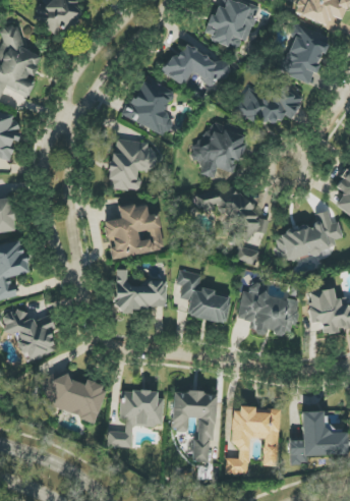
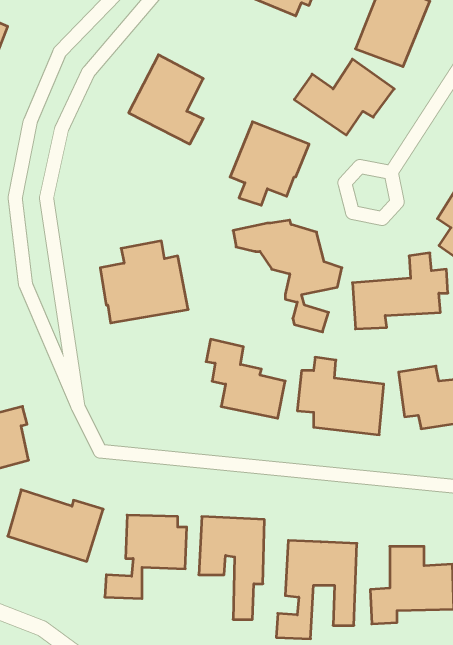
building: [161,44,230,88] -> none
building: [109,138,157,190] -> none
building: [115,270,166,310] -> none

